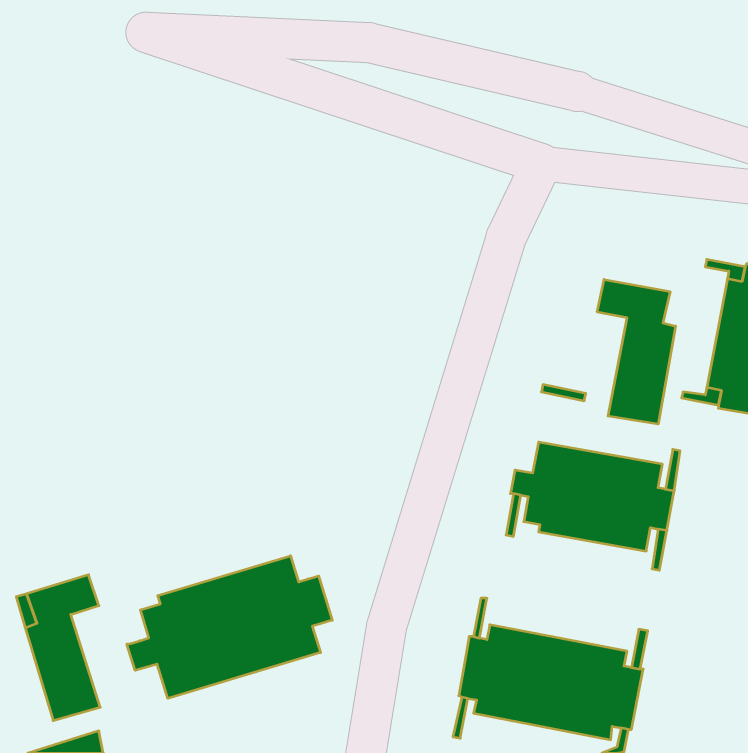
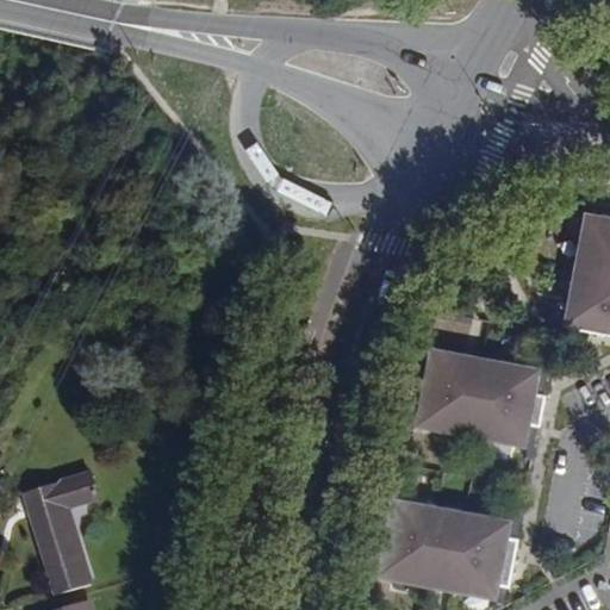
building: [597,279,676,424] -> none
building: [127,556,332,698] -> none

